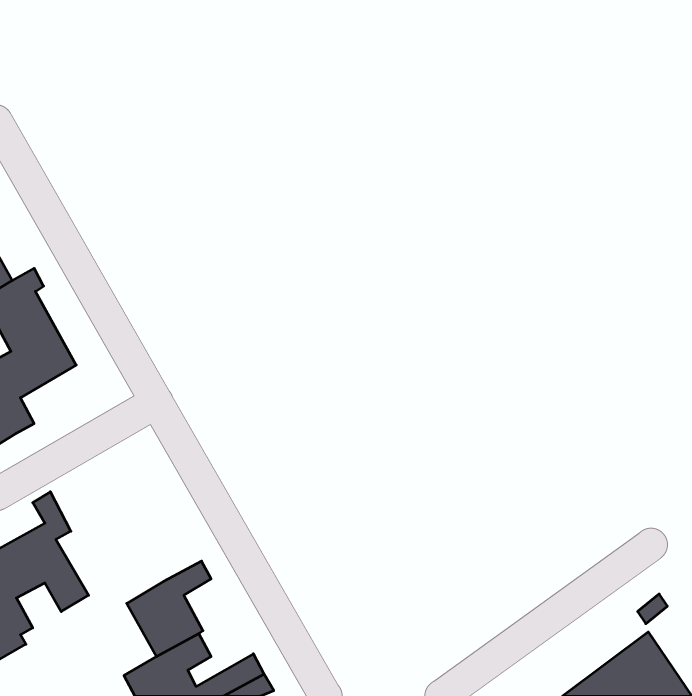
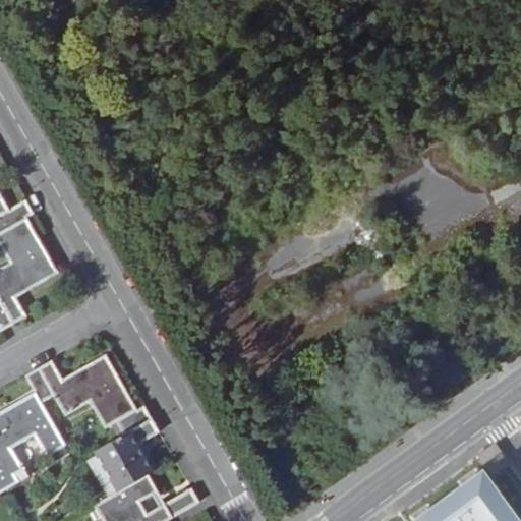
building: none -> [38,354,151,435]

